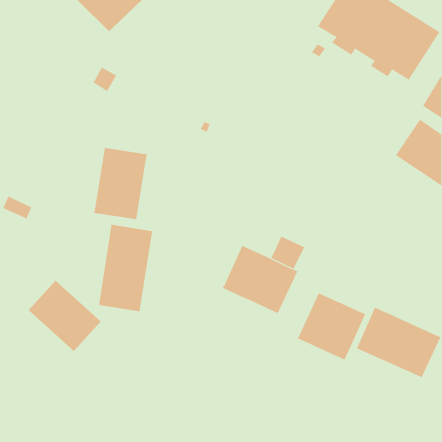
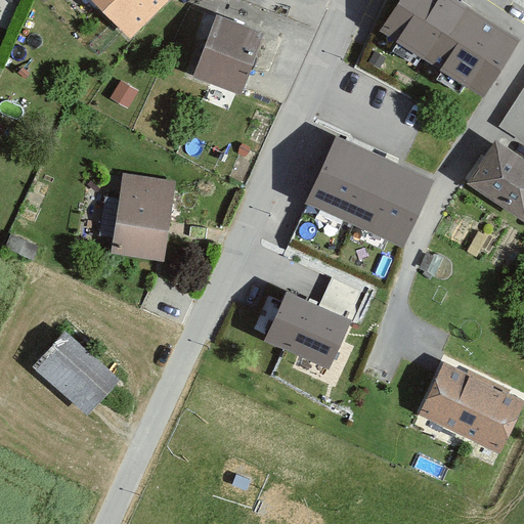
building: none -> [192,14,263,94]
building: none -> [306,137,433,248]
building: [98,224,153,312] -> none
building: [297,292,366,360] -> none

